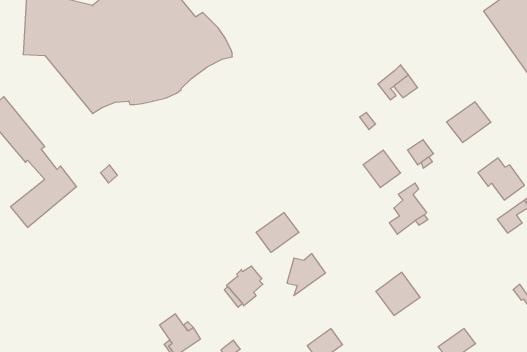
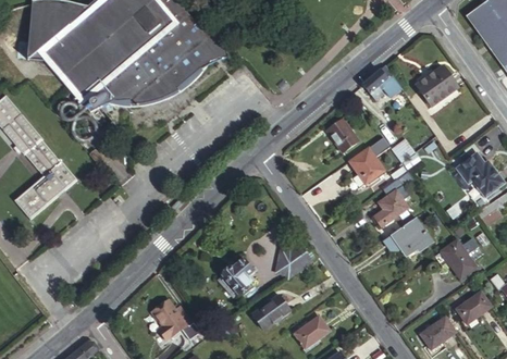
building: [447,102,491,143] -> [417,63,459,102]
building: none -> [326,117,359,151]
building: [256,212,299,252] -> none
building: none -> [441,237,477,276]
building: [376,272,420,315] -> [392,216,434,258]
building: none -> [457,292,493,323]
building: none -> [252,295,290,331]

